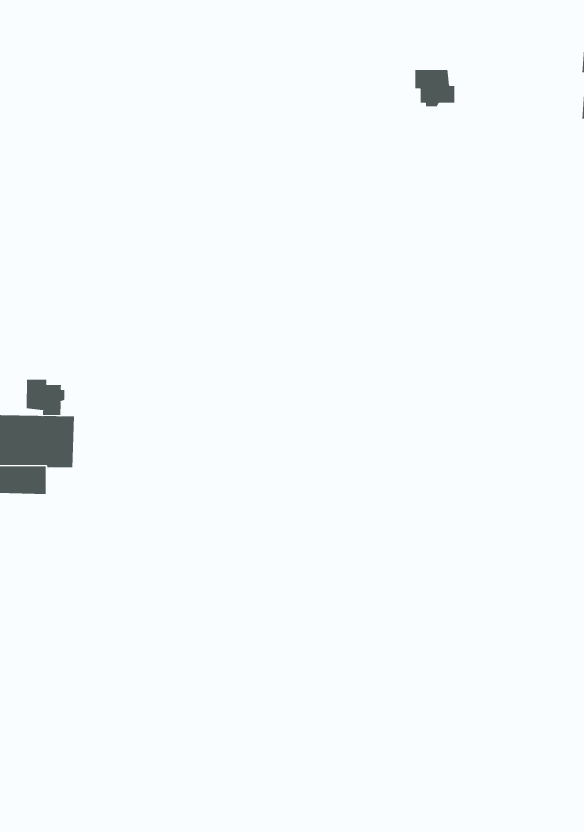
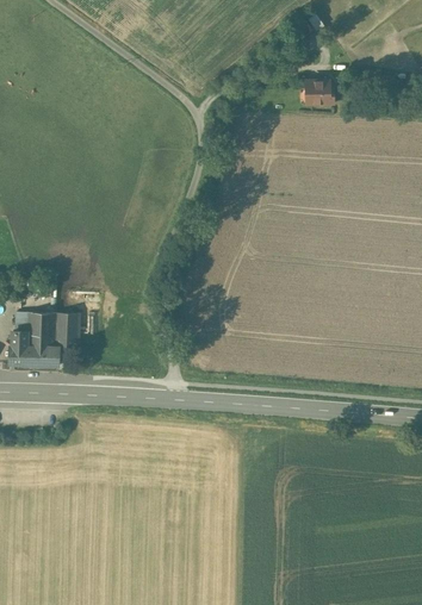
building: [26,379,65,416] -> none

